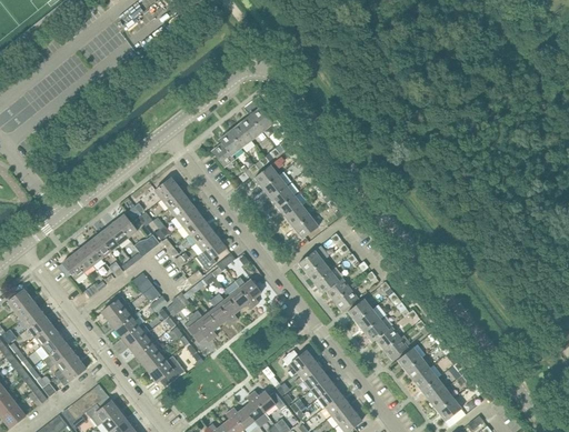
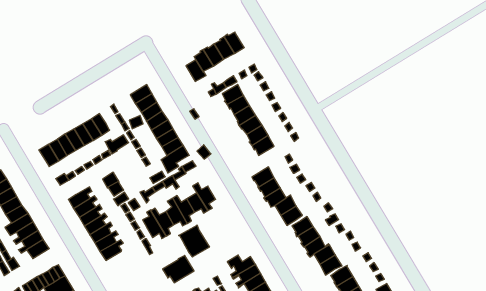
building: none -> [179,225,209,257]
building: [150,355,184,386] -> [163,255,194,283]

